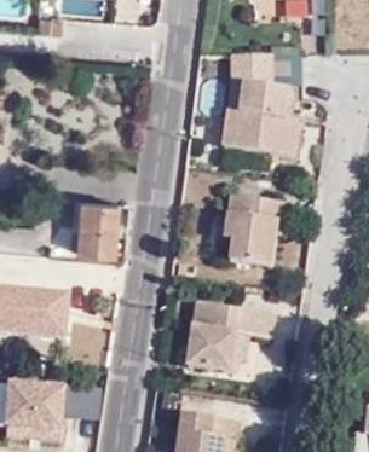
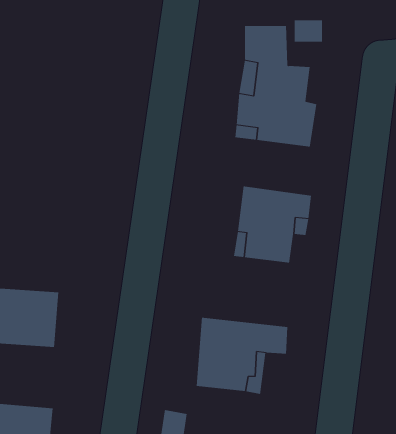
building: [74,197,116,253] -> none

